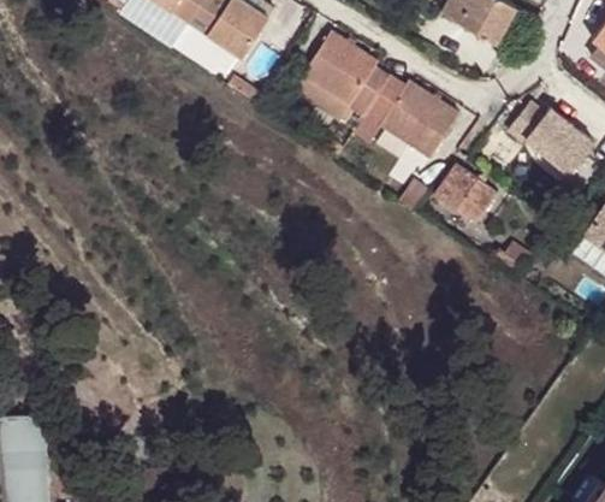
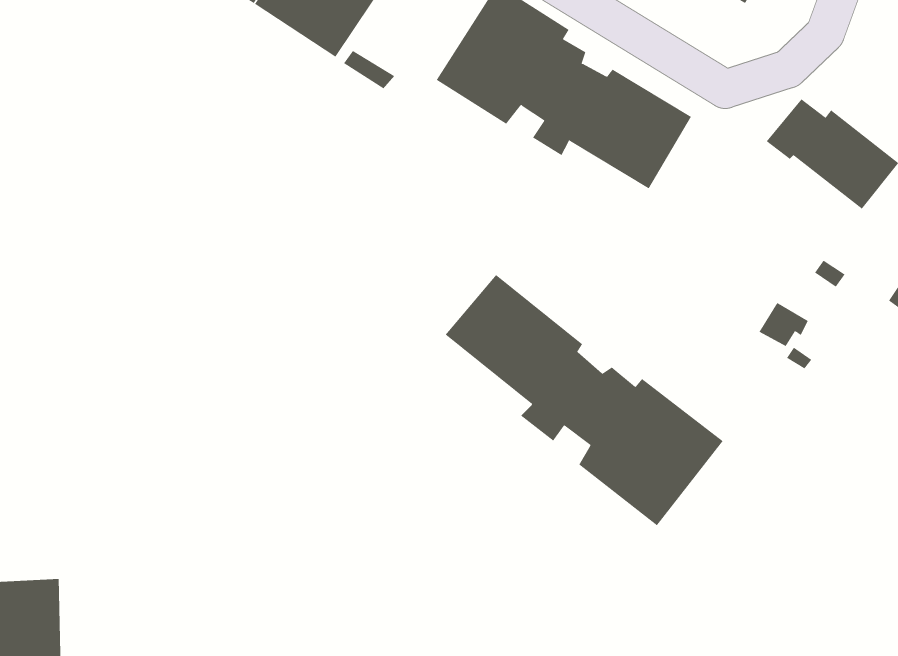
building: [434,164,492,214] -> none
building: none -> [445,274,723,526]

